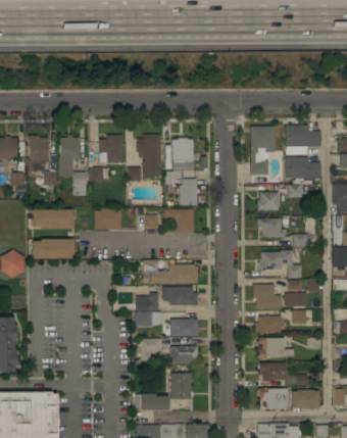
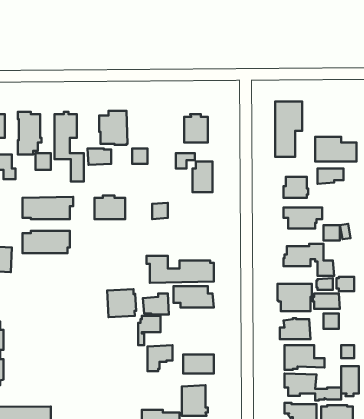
building: [286,126,321,154] -> none
building: [137,134,161,180] -> none
building: [164,209,194,233] -> none
building: none -> [107,289,136,317]
building: [170,318,198,336] -> none
building: none -> [341,366,359,396]

